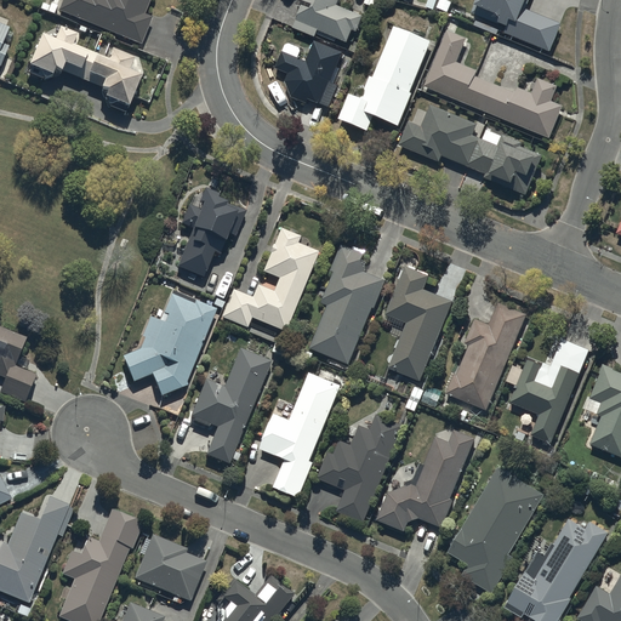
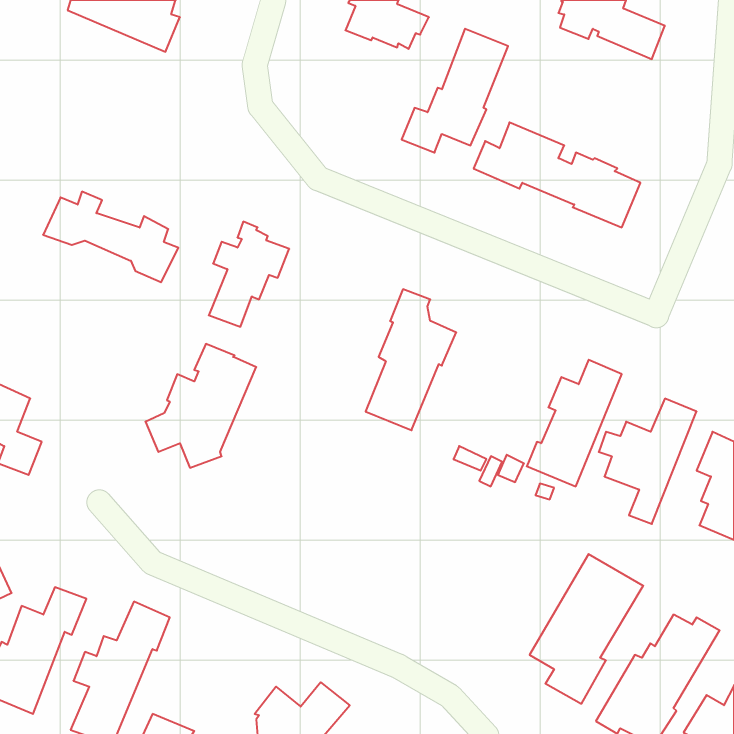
building: [27,27,141,103] -> [43,192,178,282]
building: [422,29,562,137] -> none
building: [274,41,341,106] -> none
building: [222,229,318,332] -> none
building: [387,268,451,381] -> none
building: [190,349,270,465] -> none
building: [257,374,338,497] -> none
building: [314,415,400,523] -> none
building: [375,431,473,531] -> none
building: [133,535,206,604] -> none

